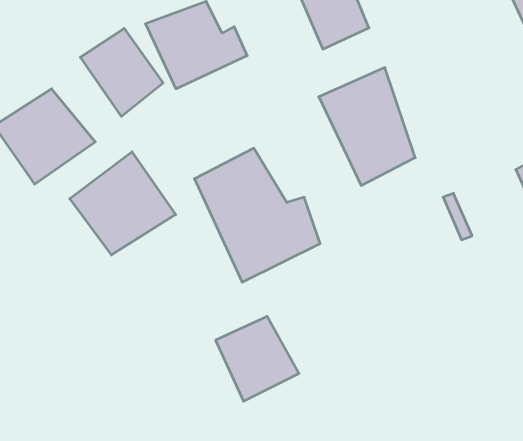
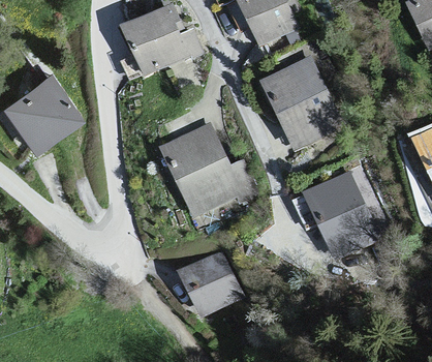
building: [80,28,163,116] -> none
building: [70,152,176,255] -> none
building: none -> [302,175,384,278]

